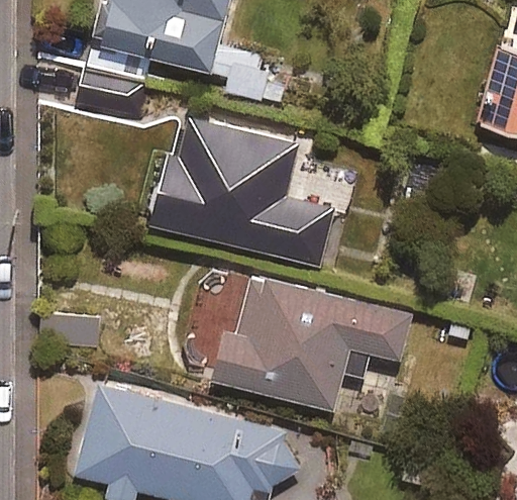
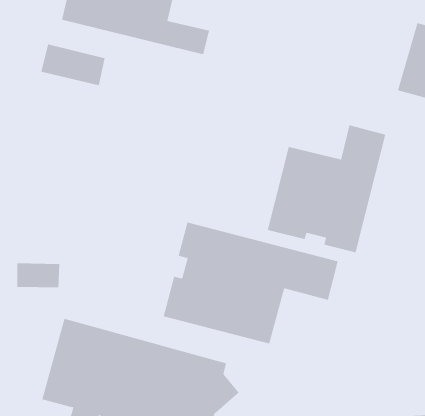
building: [148,116,333,267] -> none
building: none -> [267,125,386,253]

